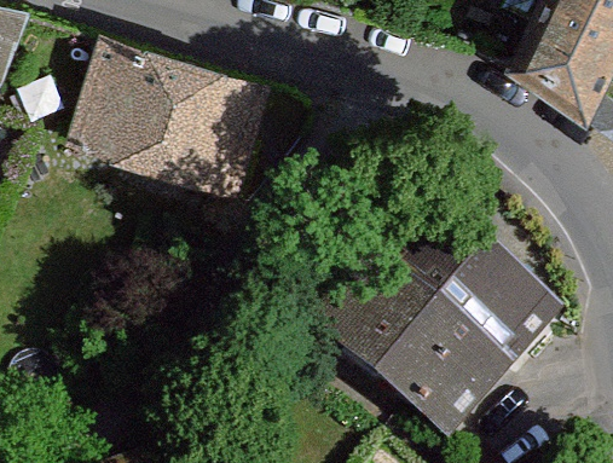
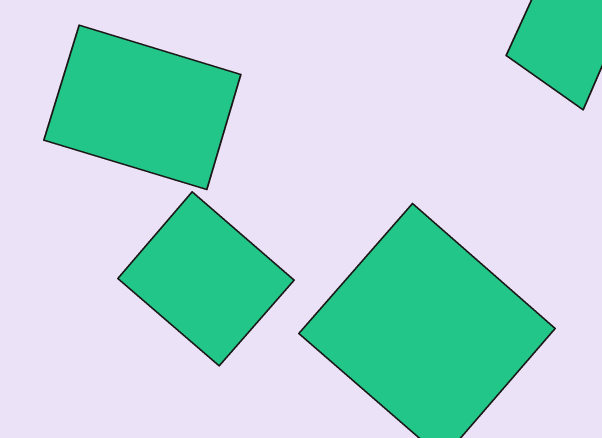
building: none -> [118,192,294,366]

